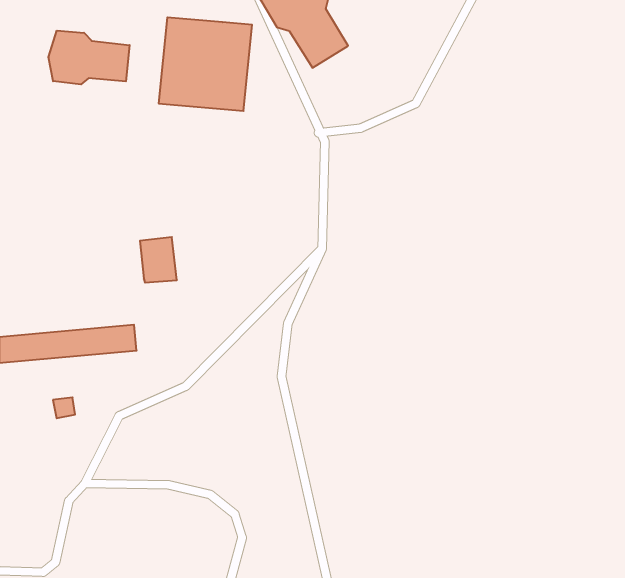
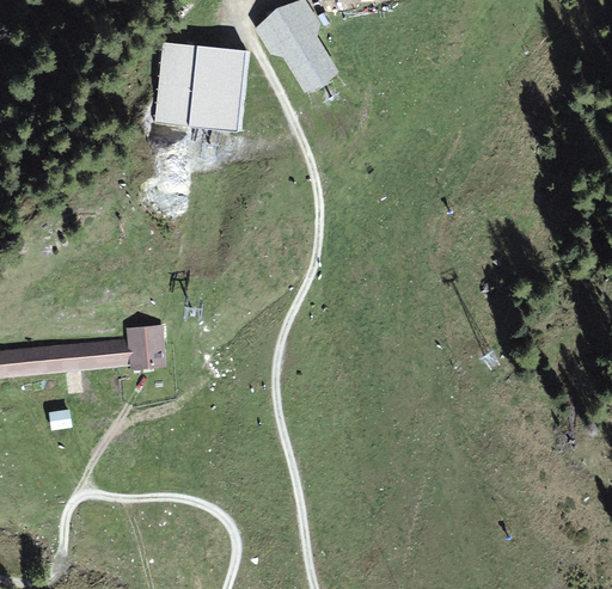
building: [49,31,130,84] -> none
building: [140,237,177,283] -> [129,324,165,368]

